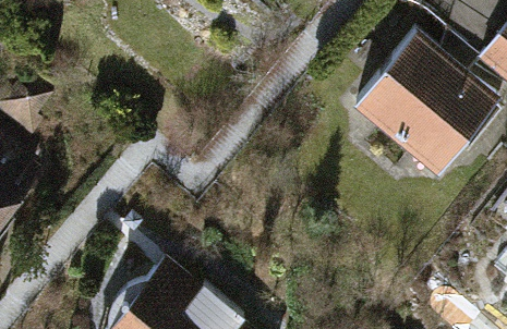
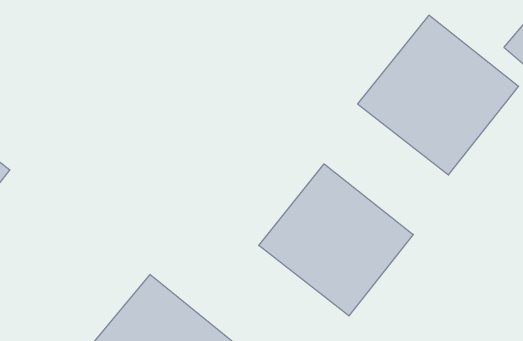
building: none -> [259,164,413,316]

